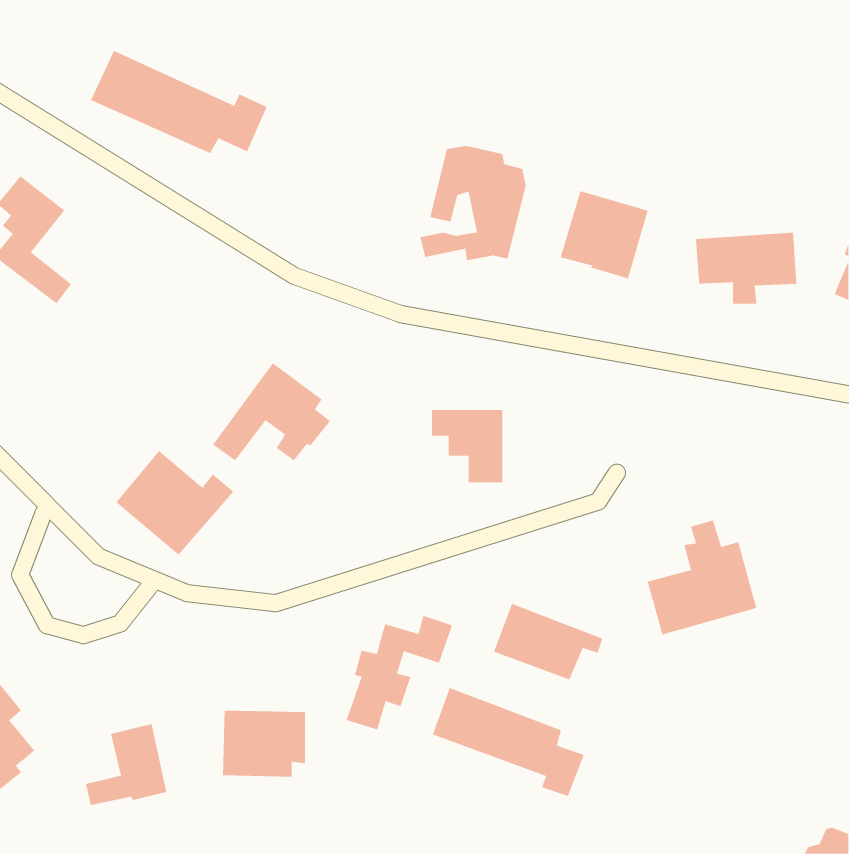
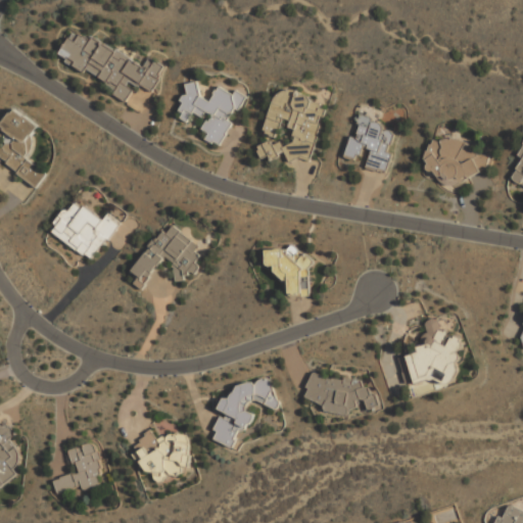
building: none -> [178,82,244,144]
building: [115,450,234,555] -> [47,198,120,263]
building: [432,687,584,797] -> none

